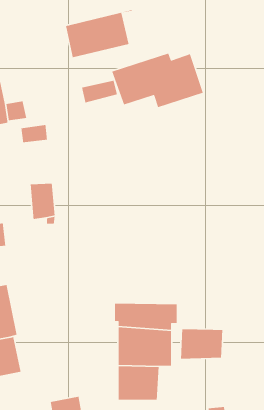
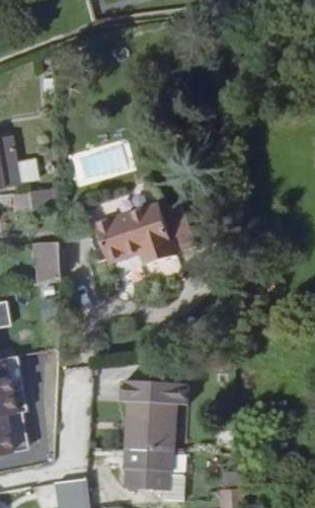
building: [65,9,133,58] -> none
building: [111,52,204,108] -> [95,205,194,265]
building: [180,329,223,360] -> none

